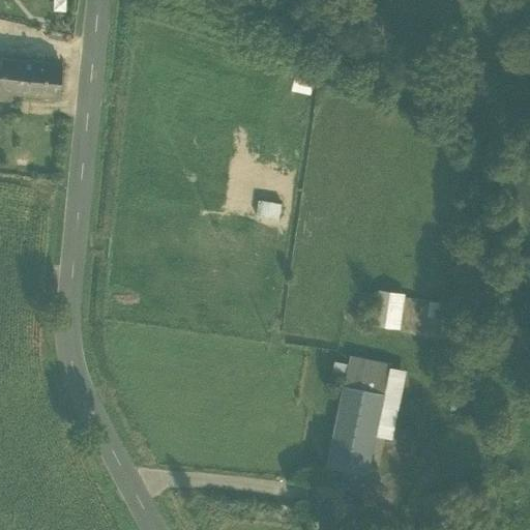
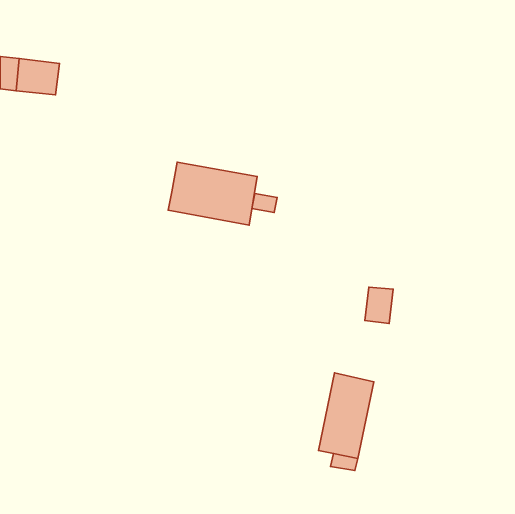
building: none -> [168,162,257,225]
building: [344,357,390,392] -> none

